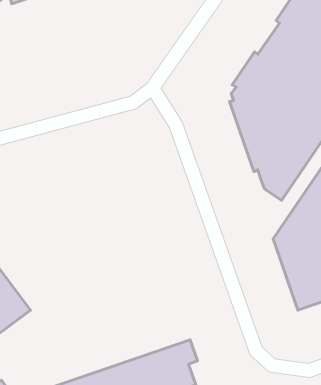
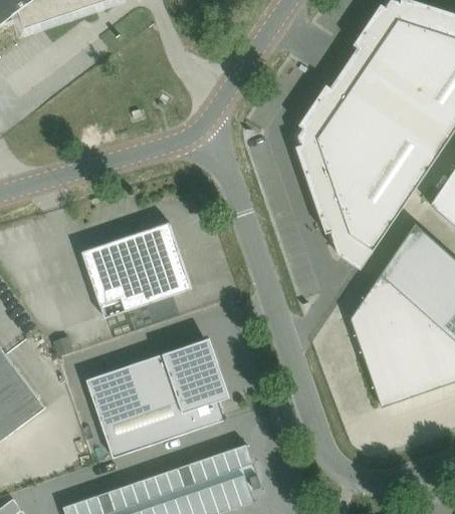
building: none -> [82,222,192,317]
building: none -> [86,339,226,458]

